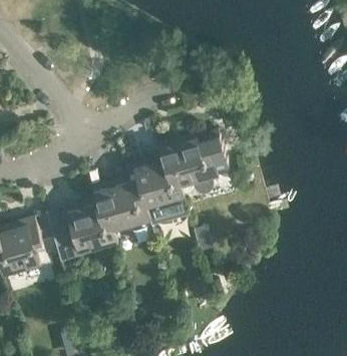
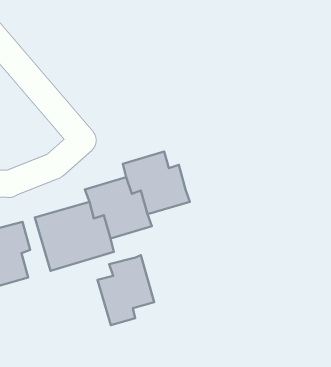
building: [159,131,230,196] -> none
building: none -> [97,255,154,325]

